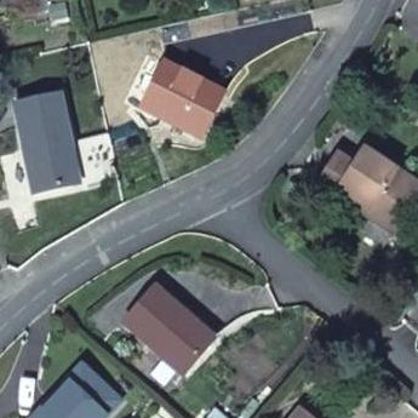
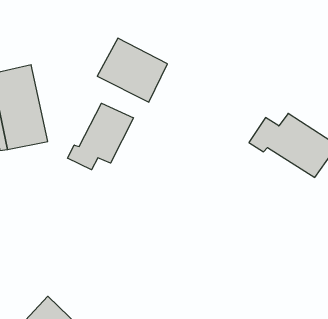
building: none -> [68,103,133,170]
building: [125,285,212,370] -> none

